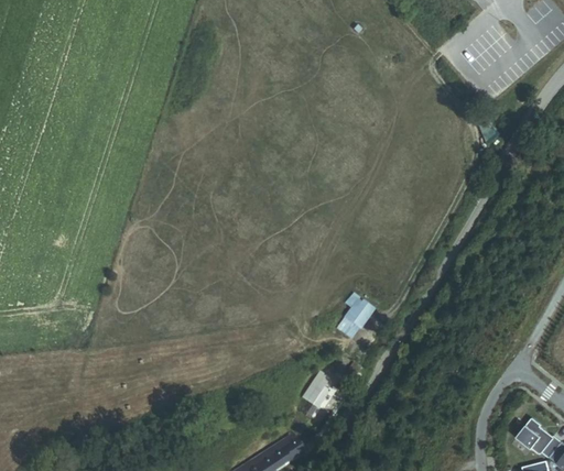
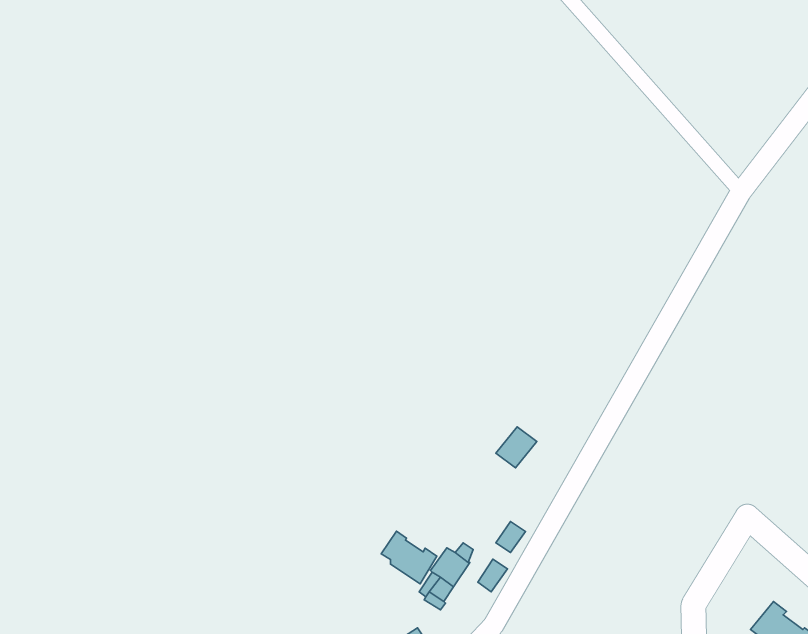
building: none -> [381,531,437,584]

